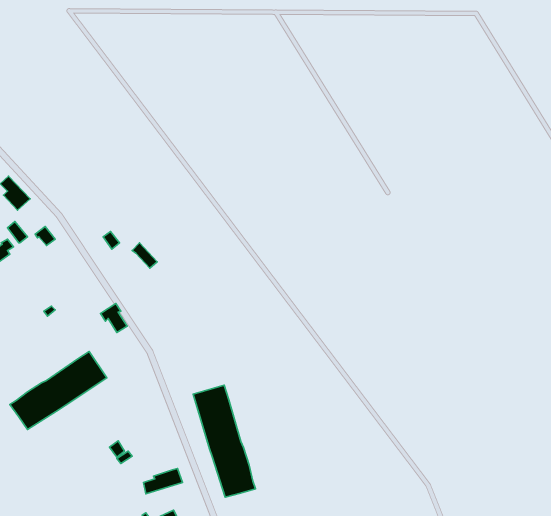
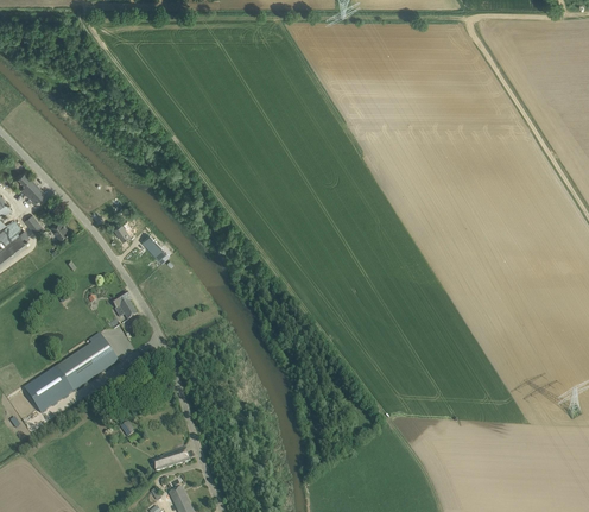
building: [193,385,255,497] -> none

